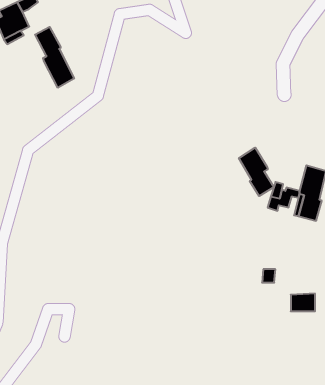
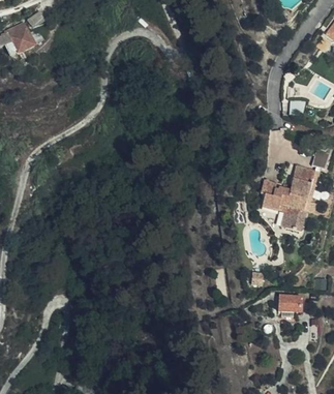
building: [35,27,74,88] -> none
building: [239,148,274,196] -> none

